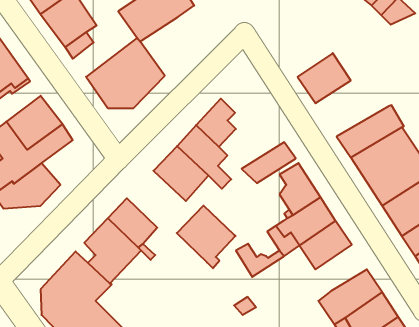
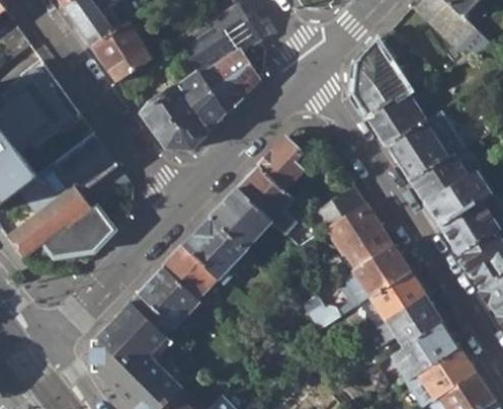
building: none -> [356,45,405,115]
building: none -> [199,52,258,114]
building: none -> [387,109,465,179]
building: [177,206,236,268] -> [185,216,248,282]
building: none -> [361,295,441,349]

